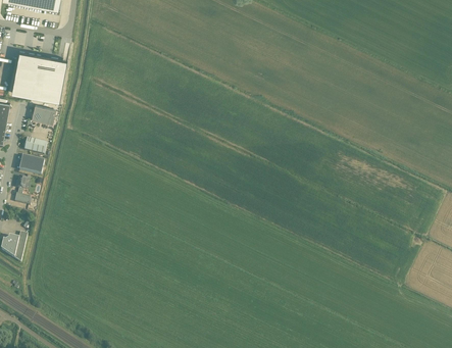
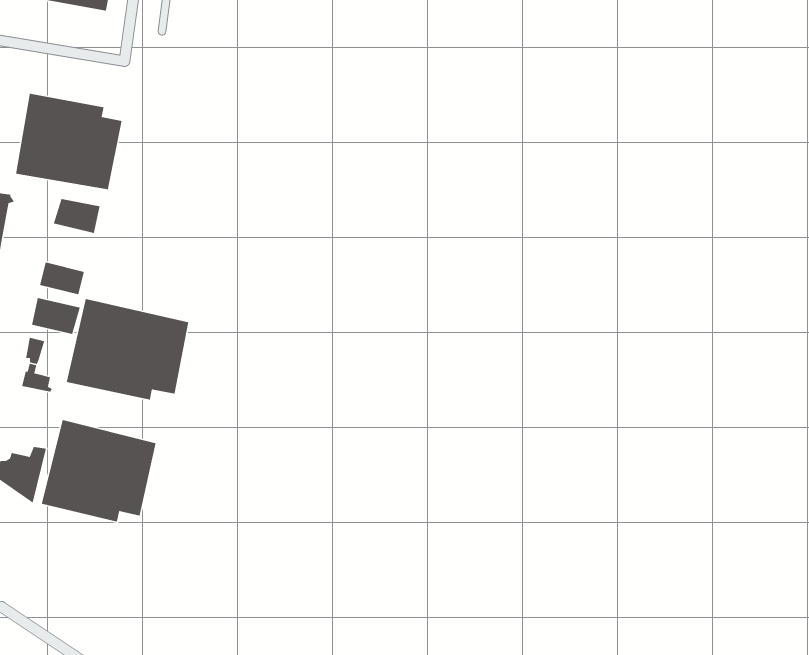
building: none -> [66,298,189,401]
building: none -> [41,419,157,522]

